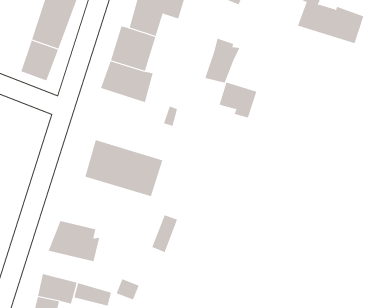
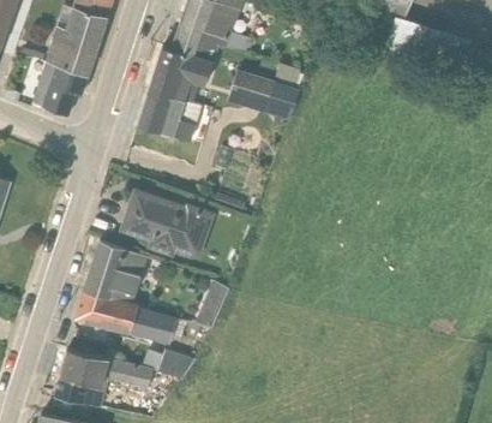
building: [219,82,257,118] -> [228,67,275,112]
building: none -> [88,242,145,296]
building: none -> [130,310,176,346]

